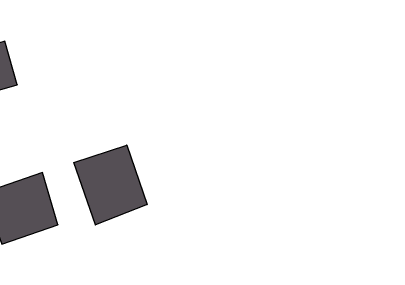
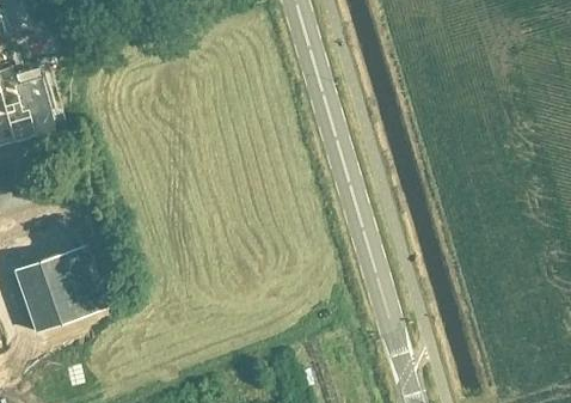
building: [74,145,147,225] -> none

